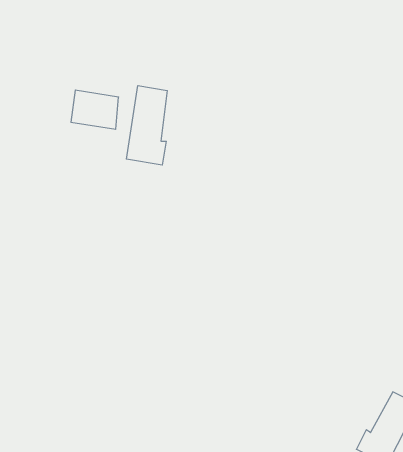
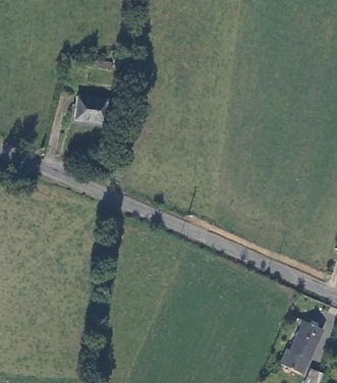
building: [126,86,167,165] -> none

